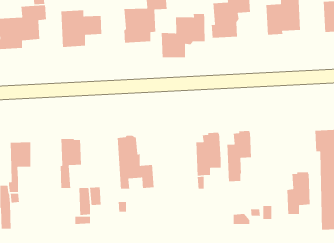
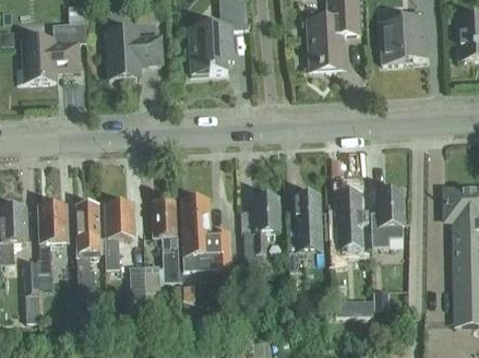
building: [161,8,206,58] -> none
building: none -> [243,193,279,264]
building: none -> [154,199,178,282]
building: none -> [75,201,100,296]
building: [287,171,310,215] -> [371,188,403,246]

